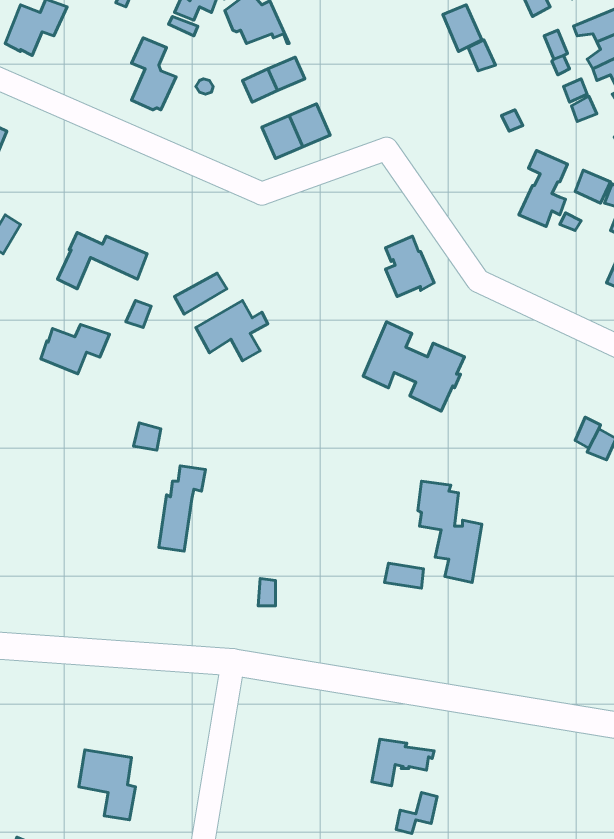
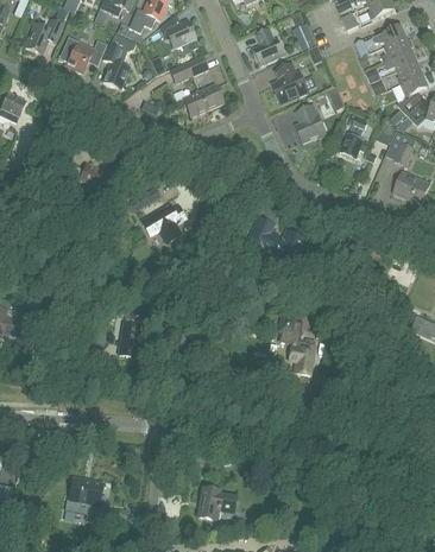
building: none -> [253,28,284,64]
building: none -> [58,36,106,71]
building: none -> [272,64,308,102]
building: [385,236,434,296] -> [296,104,326,141]
building: [41,325,110,374] -> none
building: [372,739,434,786] -> [198,489,237,518]

